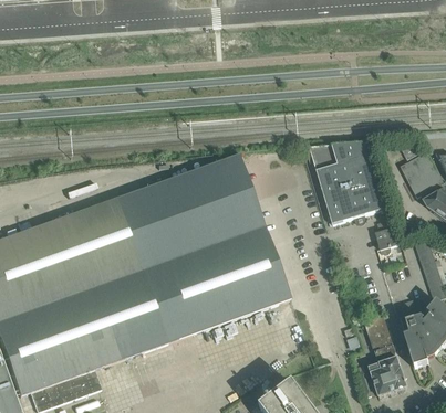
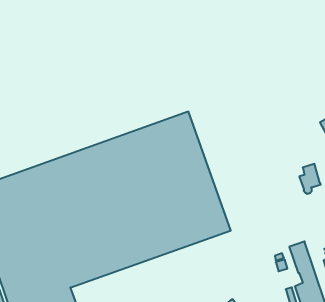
building: [309,142,385,224] -> none

